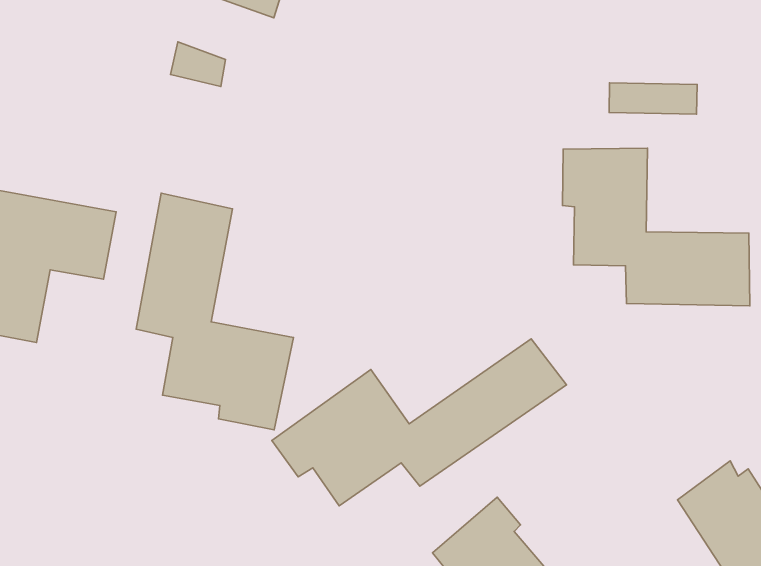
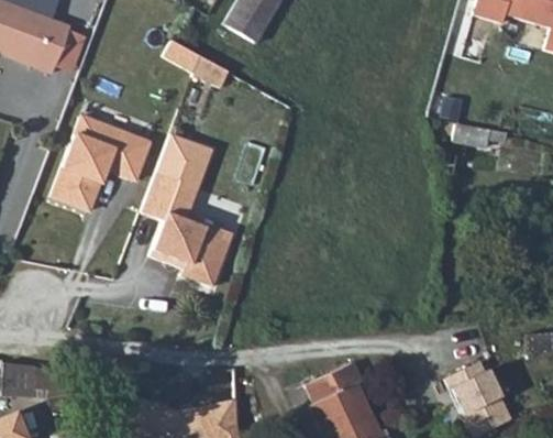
building: [563,148,750,306] -> none
building: [272,339,567,506] -> none

